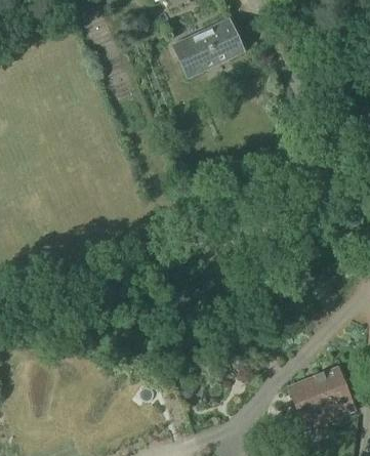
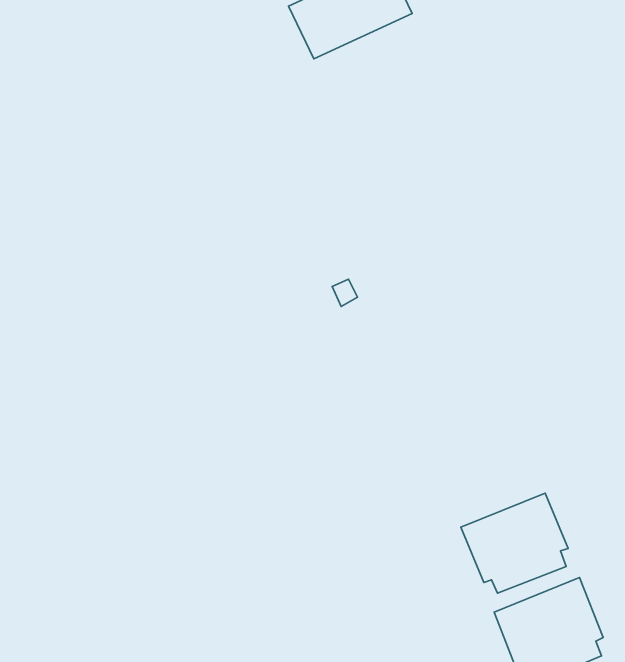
building: none -> [461,493,568,593]

